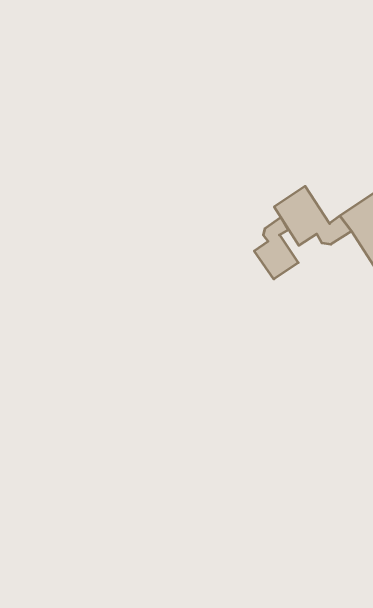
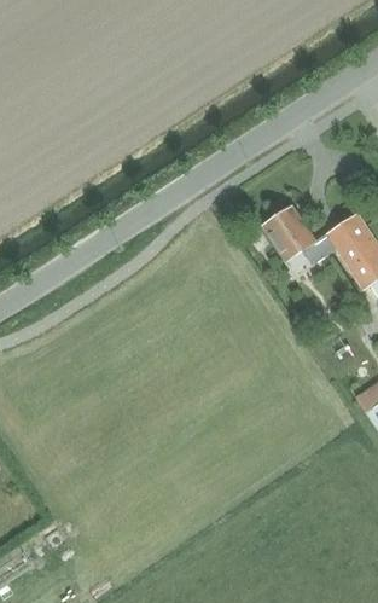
building: [254,217,298,279] -> none

